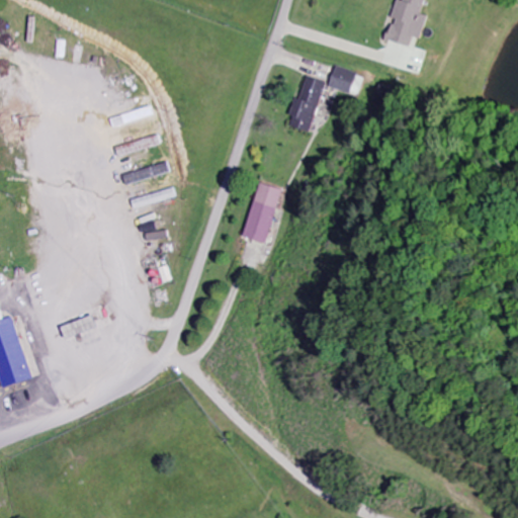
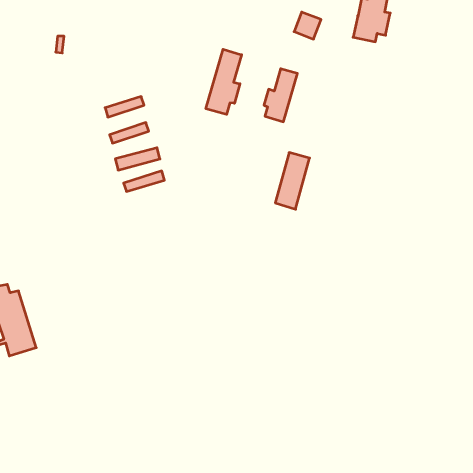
building: none -> [206,49,242,114]
building: [327,64,356,93] -> [294,12,321,39]
building: [242,182,279,244] -> [275,153,310,209]

